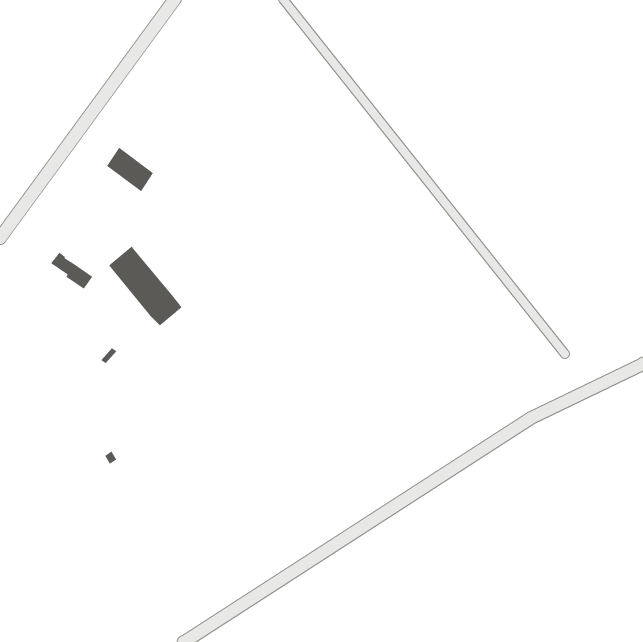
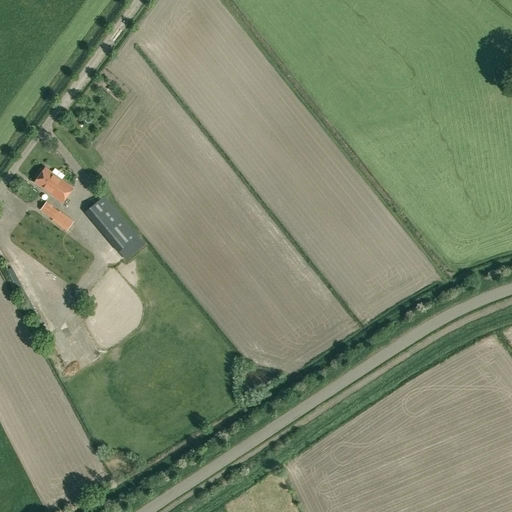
building: [106,147,154,192] -> [35,166,73,202]

